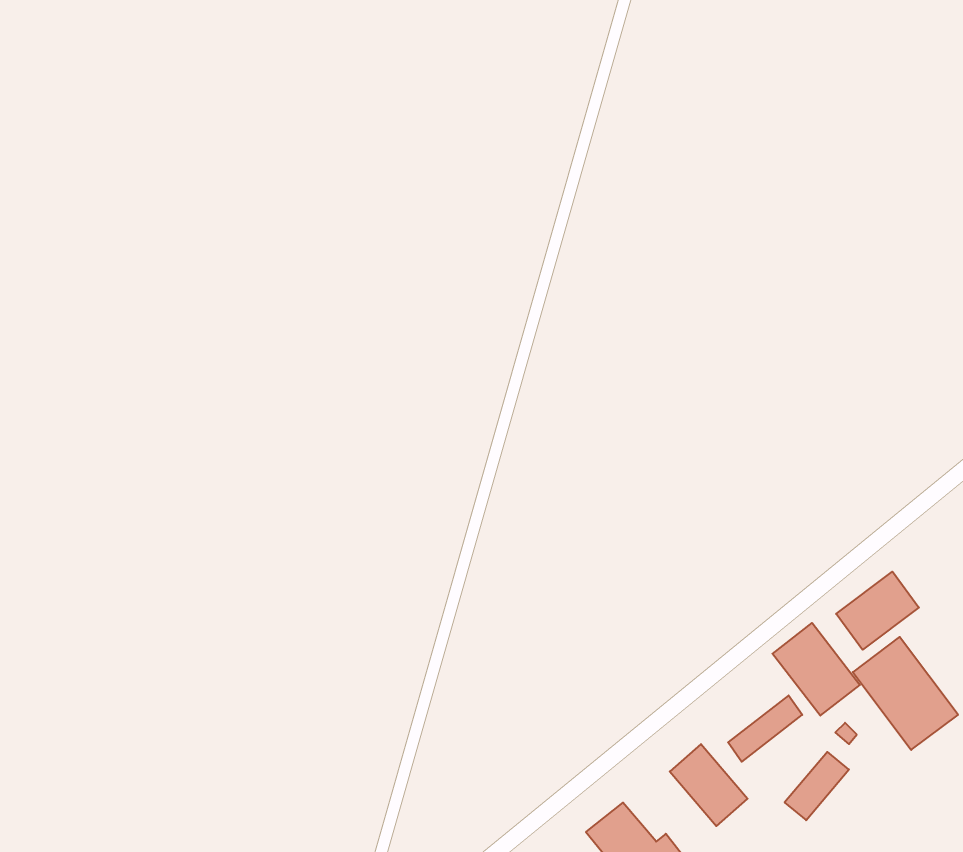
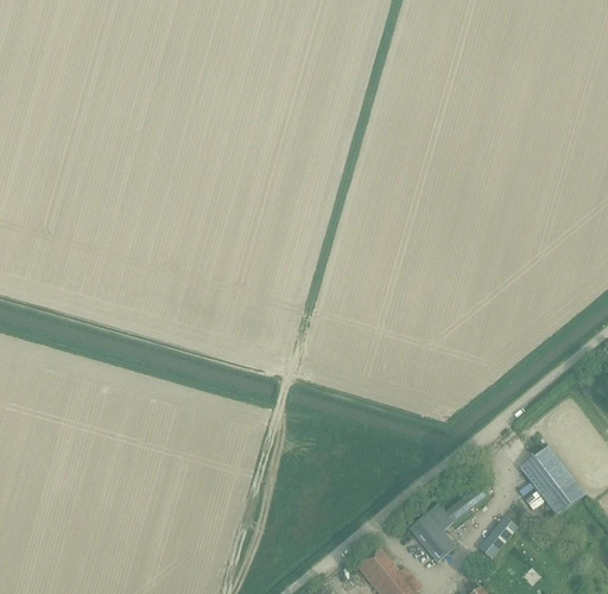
building: [836,572,919,650] -> none
building: [772,623,860,716] -> none

